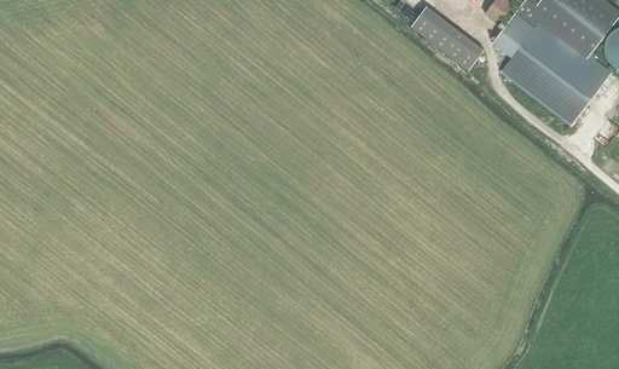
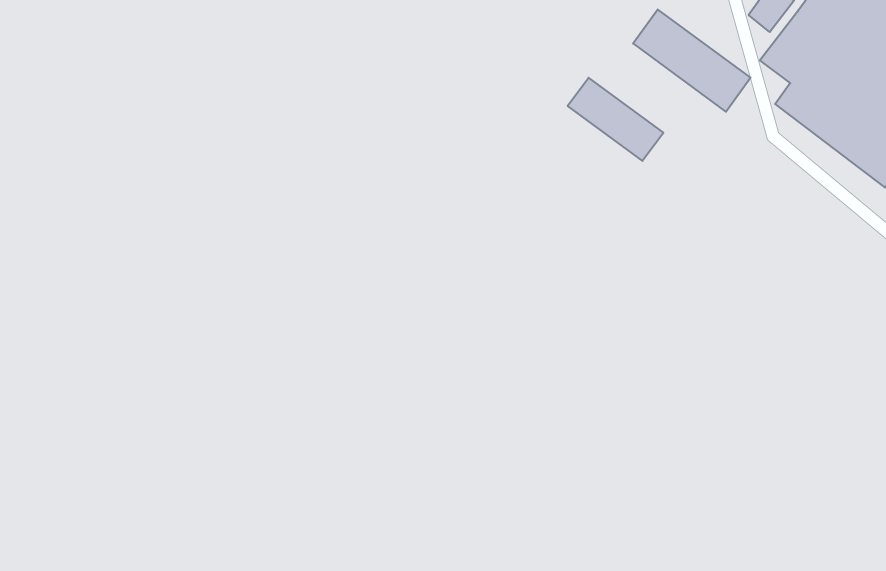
building: none -> [568,78,663,161]

